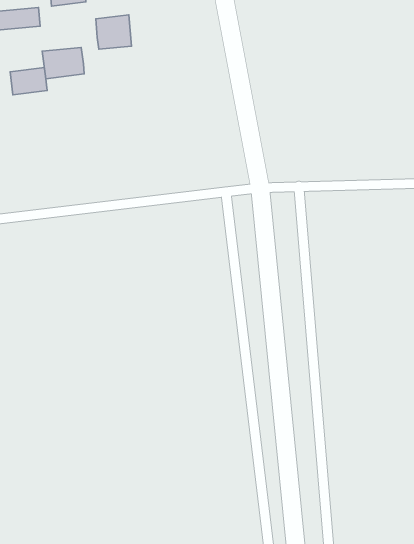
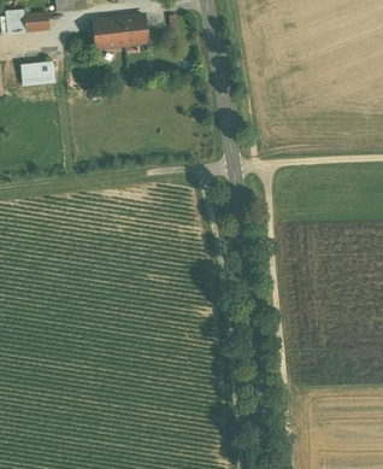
building: none -> [122,16,146,45]
building: [42,47,84,79] -> none

